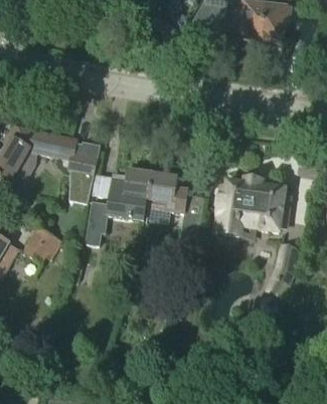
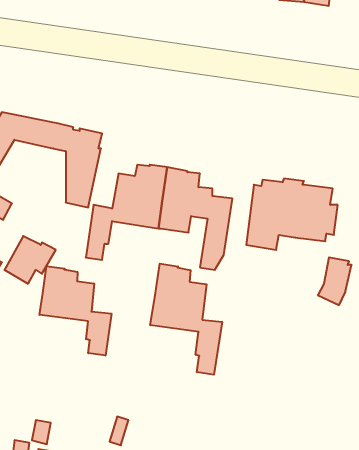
building: none -> [150,264,222,375]
building: none -> [39,266,111,356]

